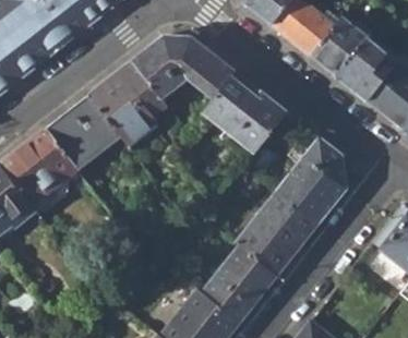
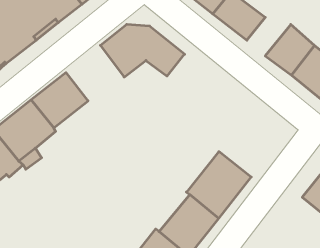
building: [312,17,367,74] -> none
building: [87,61,165,140] -> none
building: [204,72,287,154] -> none
building: [277,140,347,225] -> none

